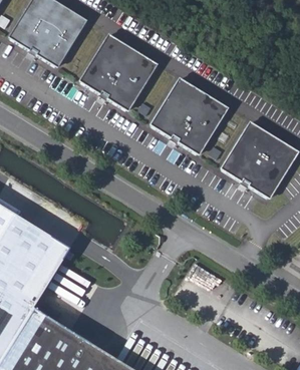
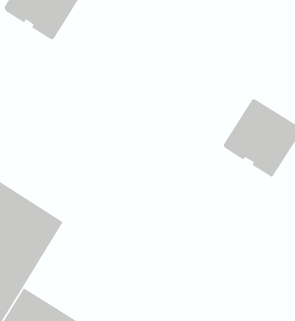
building: [79,35,157,111] -> none
building: [151,79,228,155] -> none

